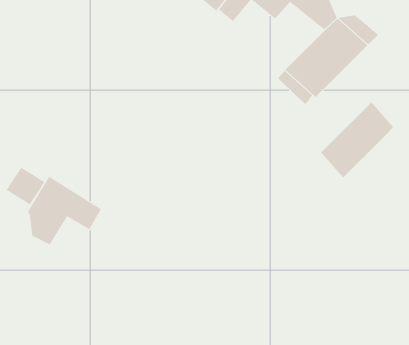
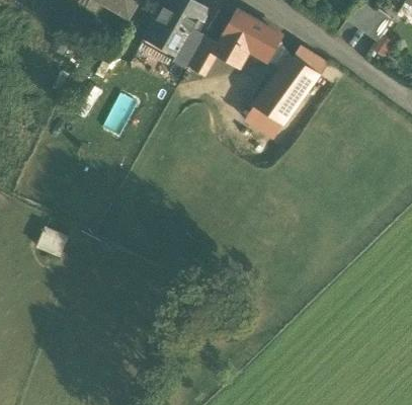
building: [320,101,394,178] -> none
building: [27,176,103,245] -> none

